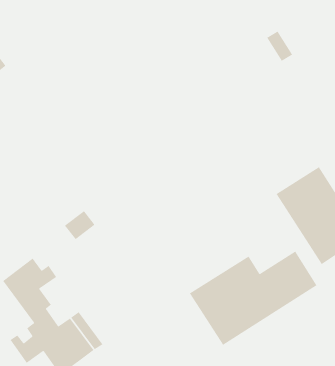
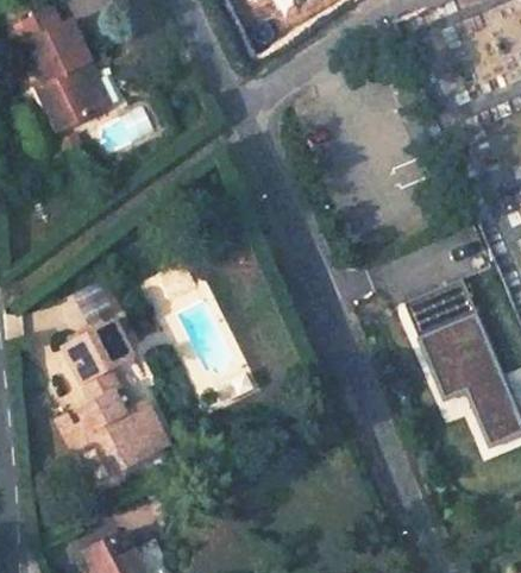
building: [189,250,317,346] -> none

